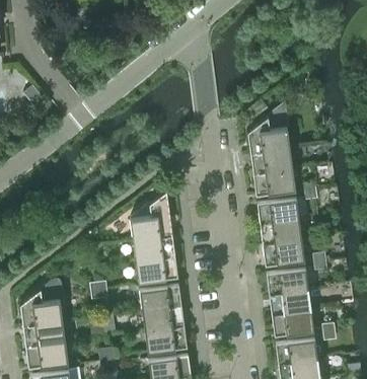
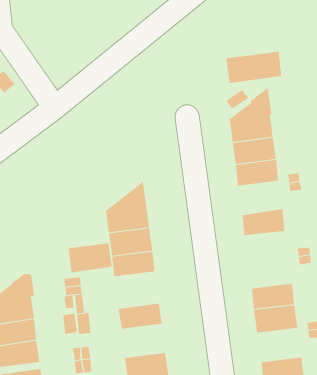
building: none -> [226,50,282,84]
building: [256,197,299,223] -> none
building: [262,238,304,266] -> none
building: [266,267,308,293] -> none
building: [139,284,181,312] -> [68,243,113,273]
building: [145,326,187,353] -> none
building: [275,337,317,363] -> none

